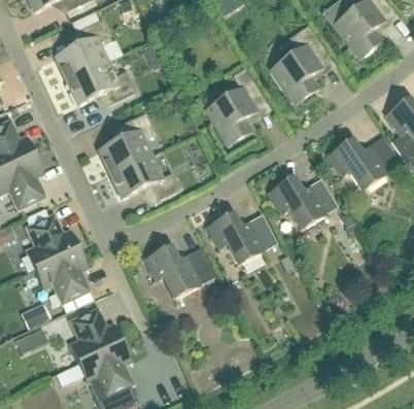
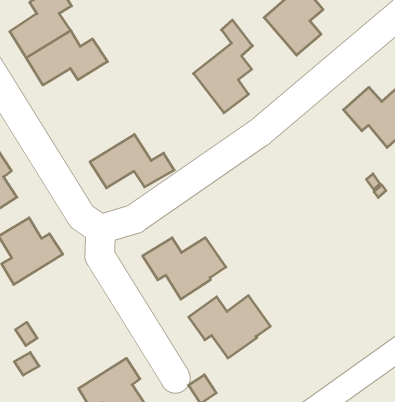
building: [98,113,152,173] -> none
building: [268,177,335,229] -> none
building: [207,212,275,265] -> [189,296,270,358]
building: [33,248,88,303] -> none
building: [68,308,120,363] -> none

